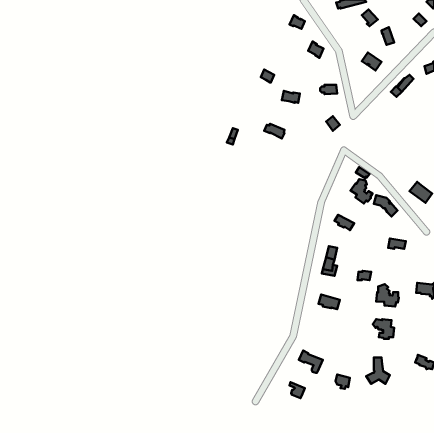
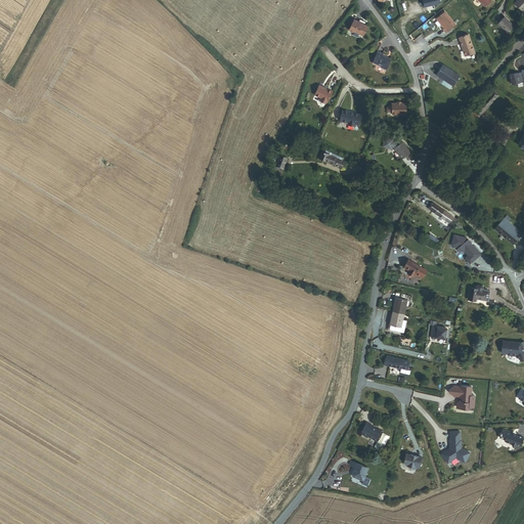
building: [351,179,373,203] -> none
building: [376,284,399,306] -> none

